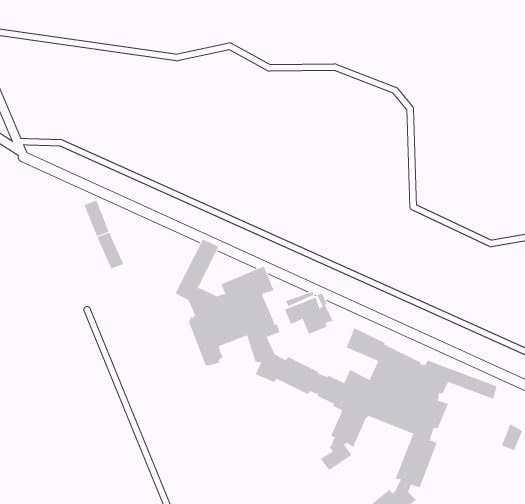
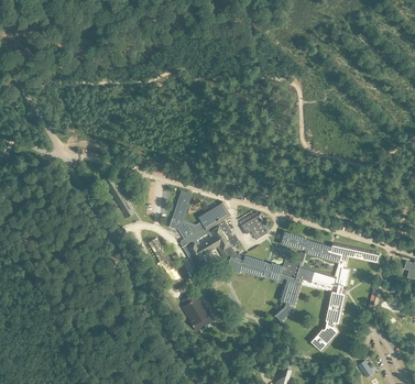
building: none -> [179,294,215,331]

